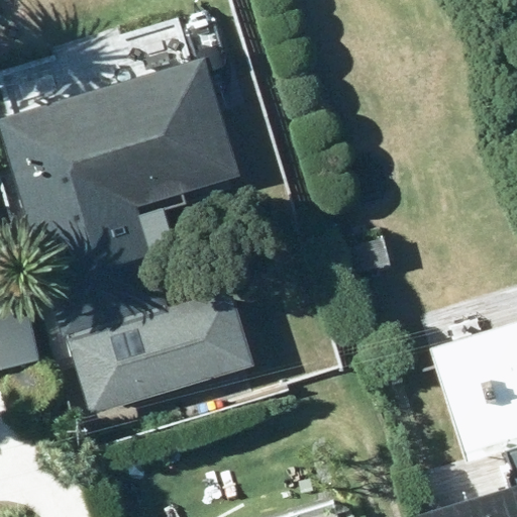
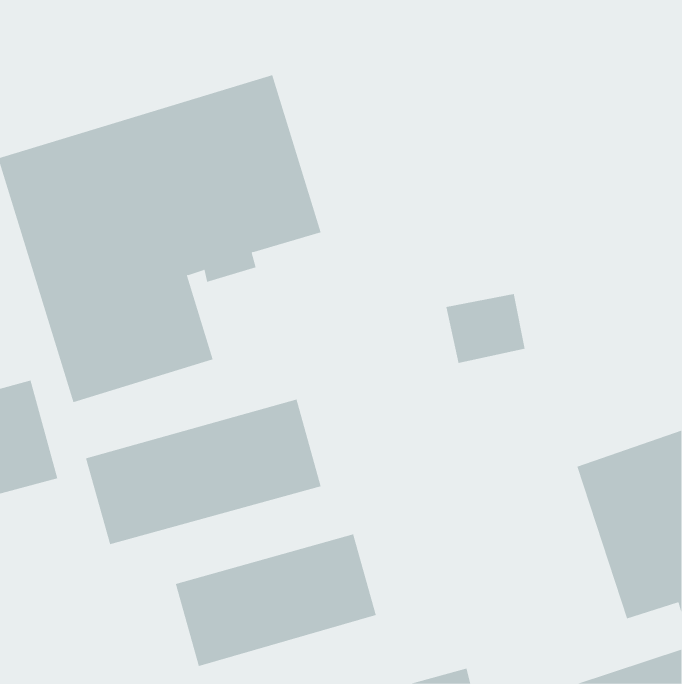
building: none -> [175,533,377,667]

